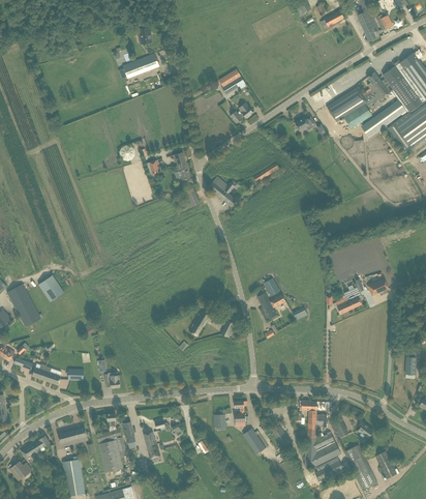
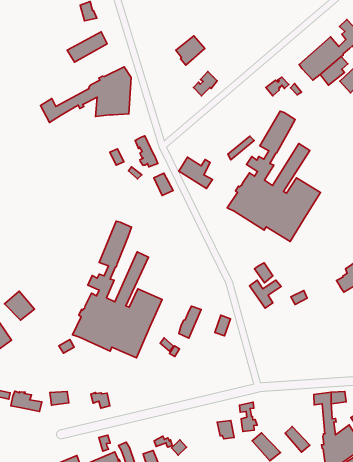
building: none -> [41,67,131,122]
building: none -> [227,111,321,242]
building: none -> [72,221,162,358]

